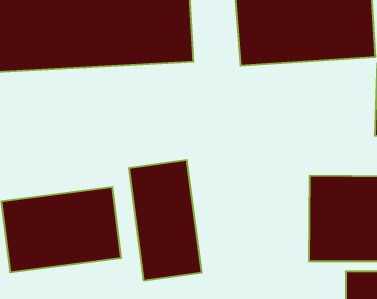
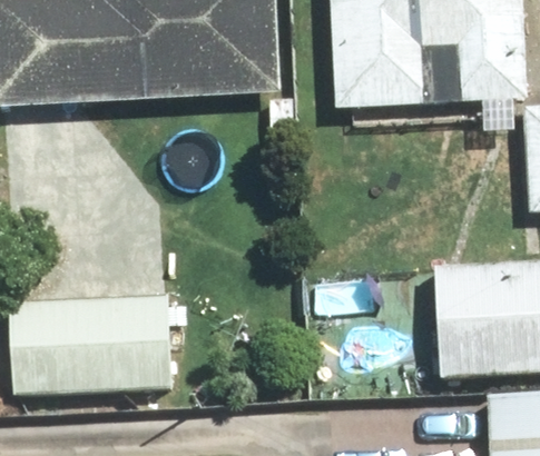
building: [129,160,201,281] -> none

